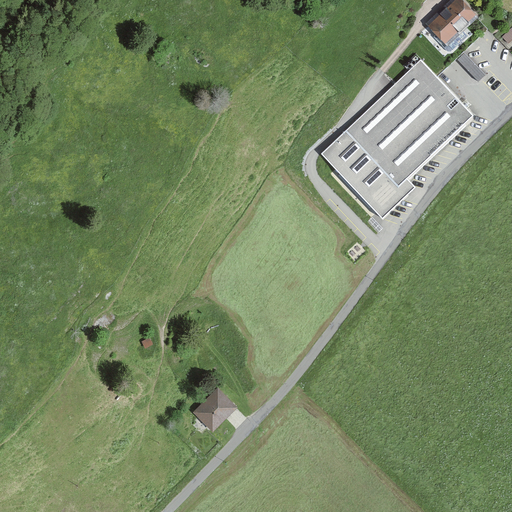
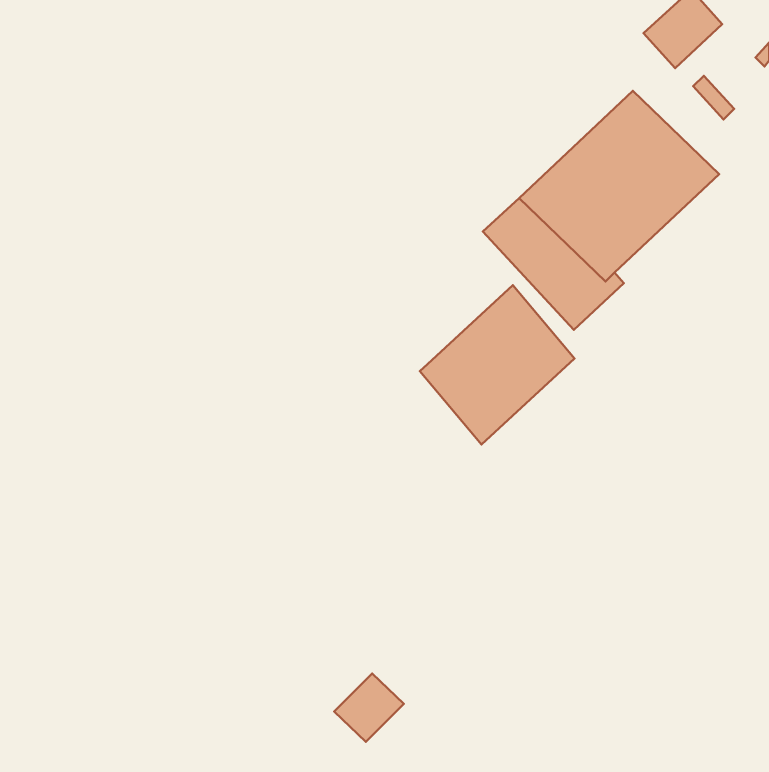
building: none -> [420,285,575,444]
building: [191,387,237,432] -> [334,674,404,742]

